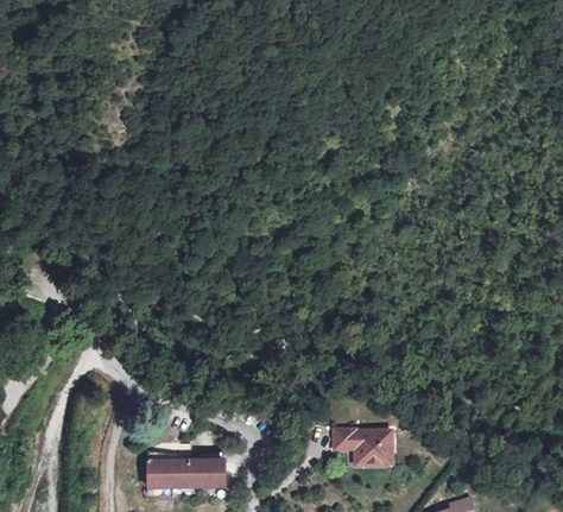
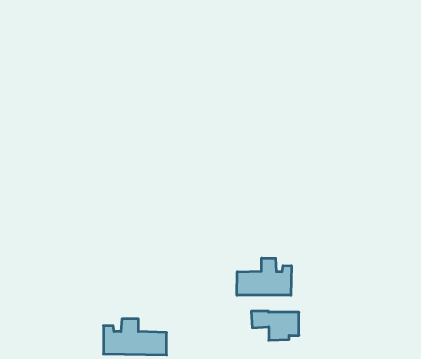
building: none -> [237,258,291,295]

